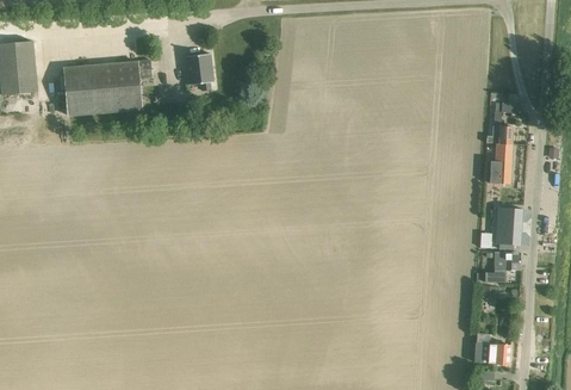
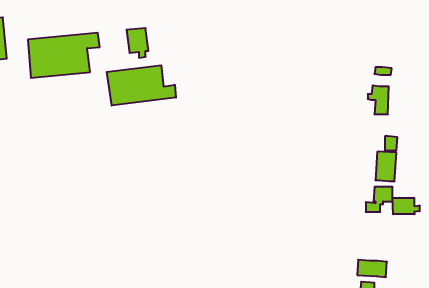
building: none -> [107,65,176,106]
building: [485,160,511,184] -> none
building: none -> [393,198,420,214]

